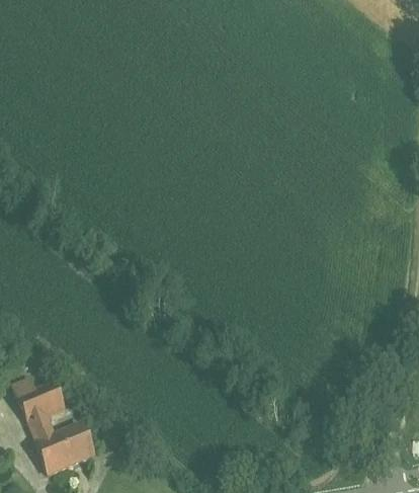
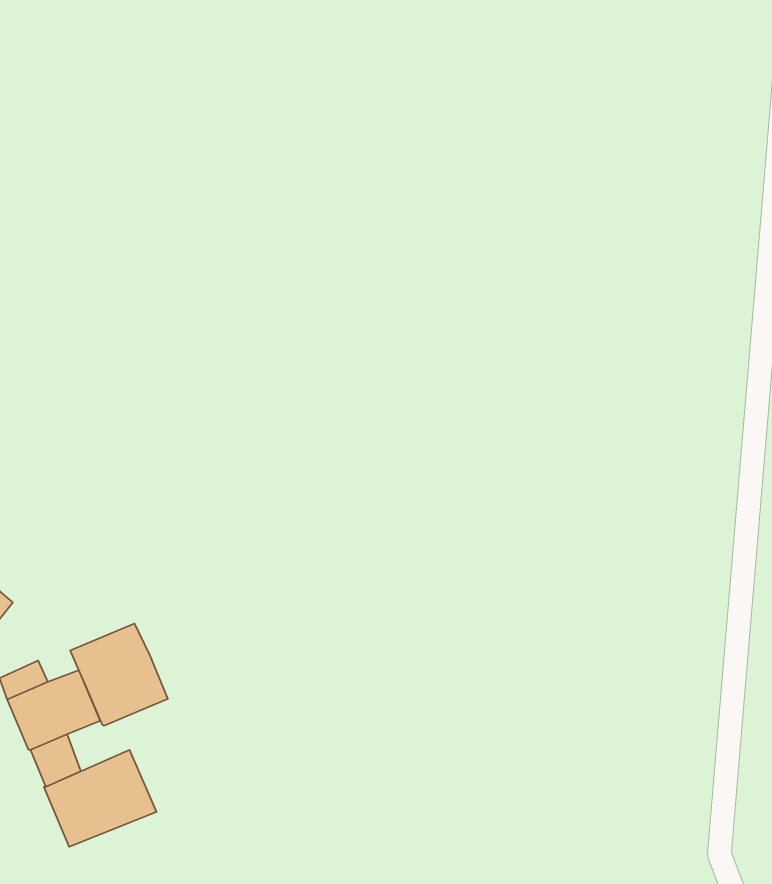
building: none -> [70,623,168,726]

